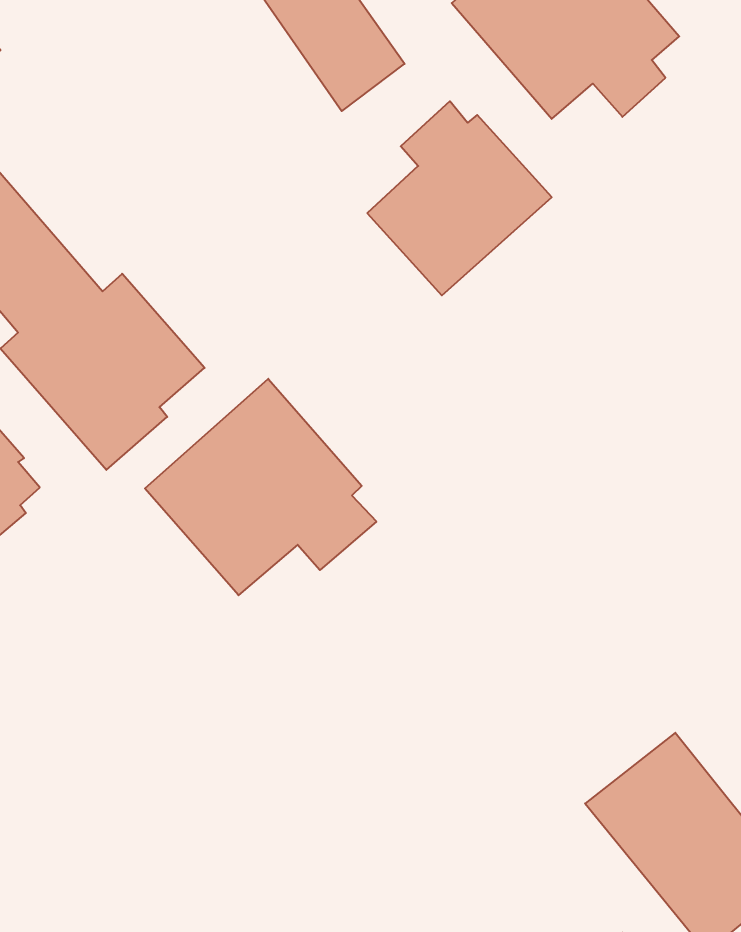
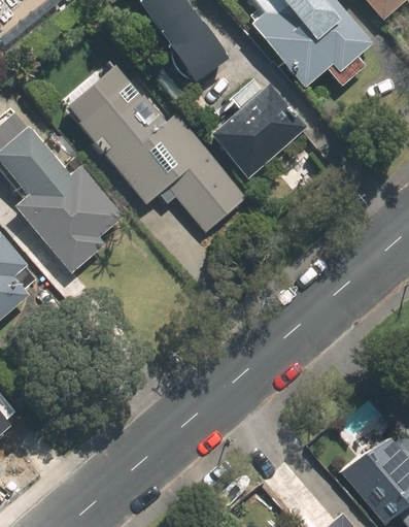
building: none -> [68,66,248,231]
building: [145,379,376,595] -> none

